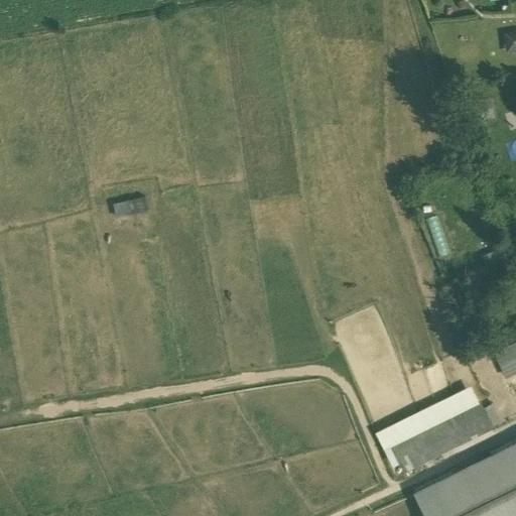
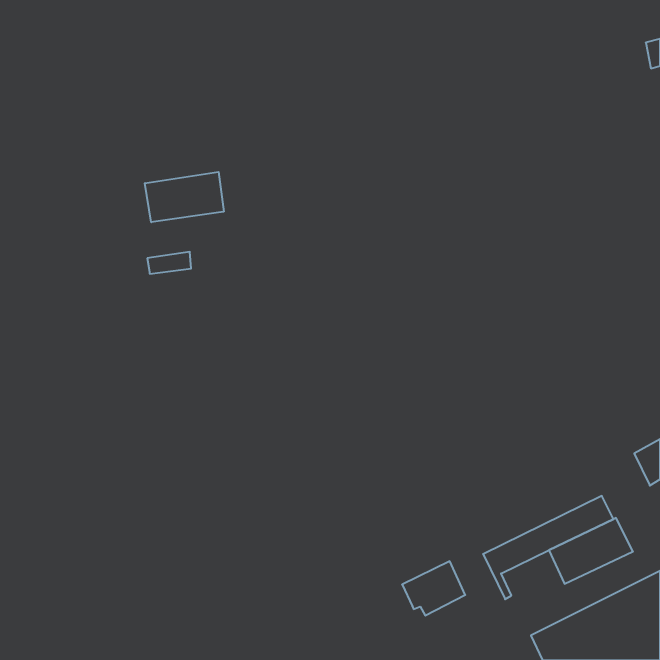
building: none -> [145,172,224,222]
building: [391,429,440,472] -> [402,561,465,616]

